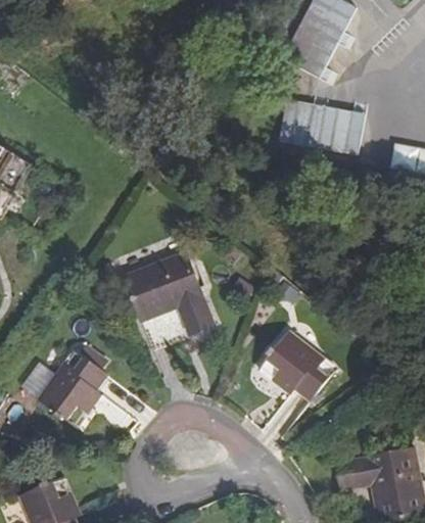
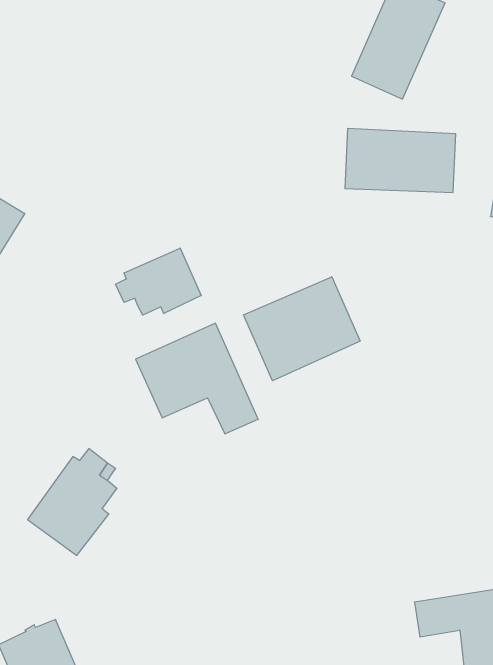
building: none -> [115,248,201,315]
building: none -> [243,277,360,381]
building: [256,335,334,402] -> none

